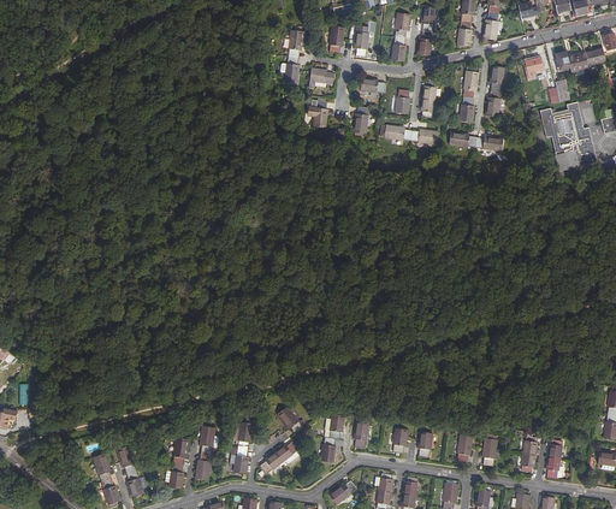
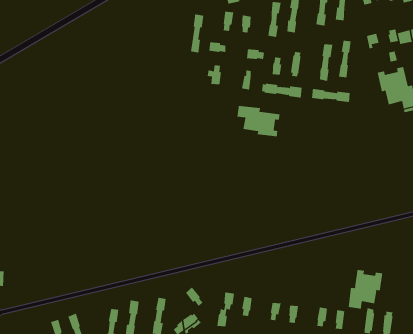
building: none -> [237,105,280,137]
building: none -> [348,269,383,310]

